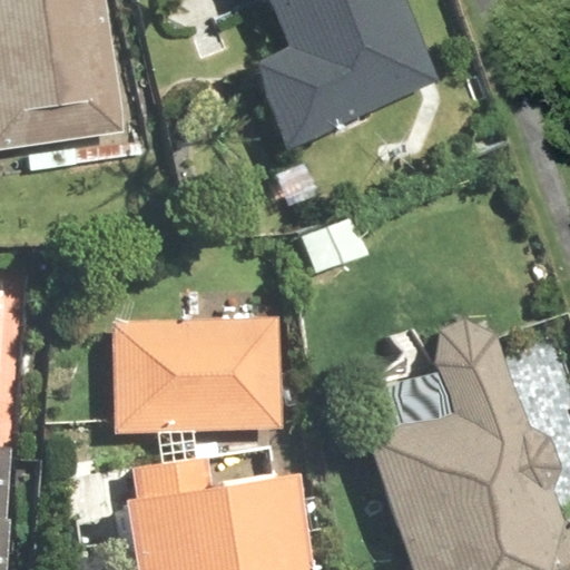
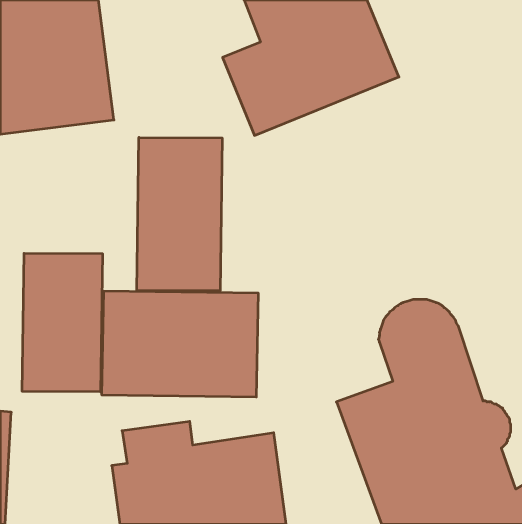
building: none -> [137,137,222,291]
building: none -> [22,253,102,392]

